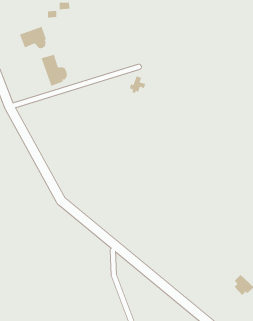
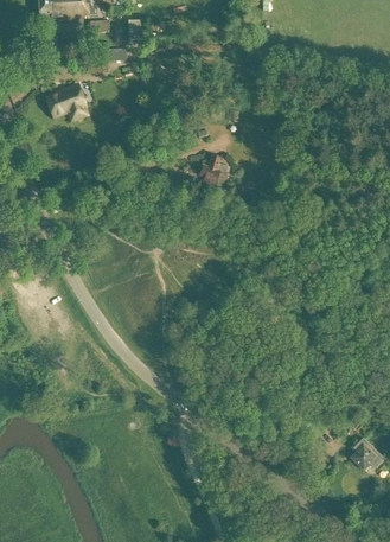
building: [40,54,68,87] -> none

